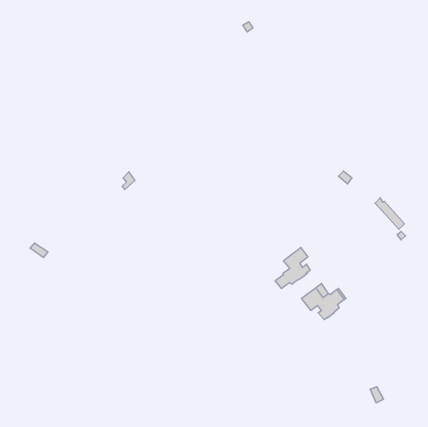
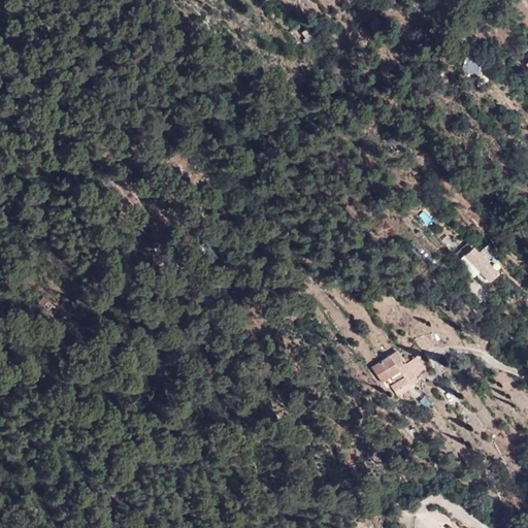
building: [275,247,310,289] -> none

